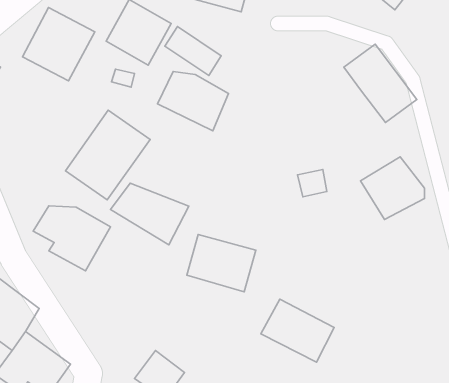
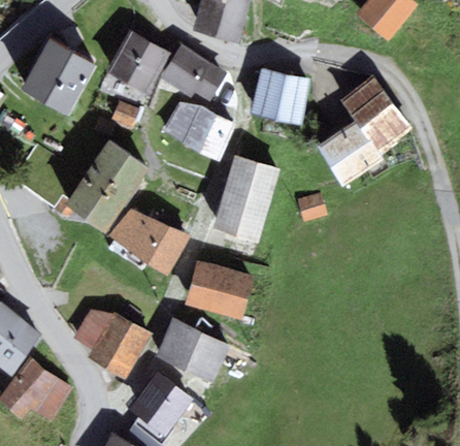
building: none -> [249,70,309,124]
building: none -> [212,155,278,238]
building: [361,157,424,219] -> [319,120,382,182]
building: [33,206,111,271] -> [73,313,150,377]
building: [261,299,334,362] -> [155,320,227,382]

